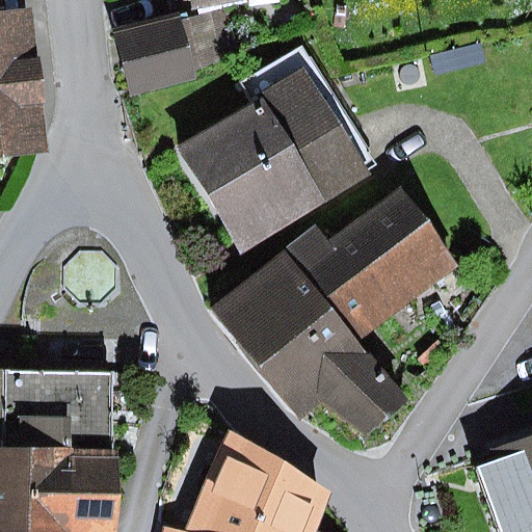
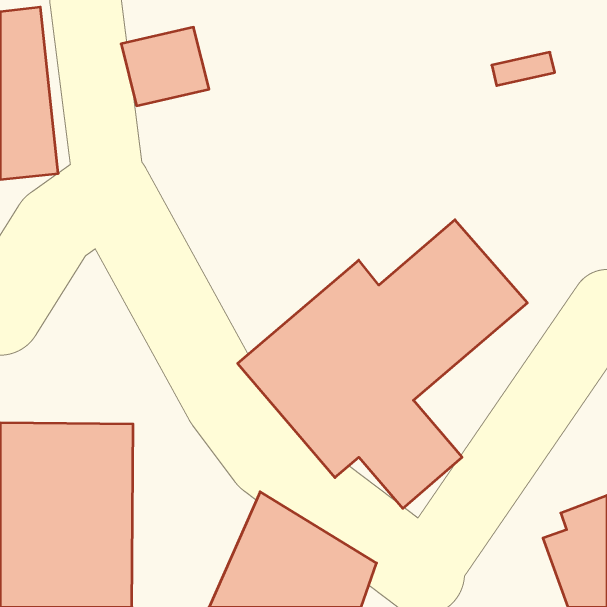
building: [180,46,377,254] -> none

